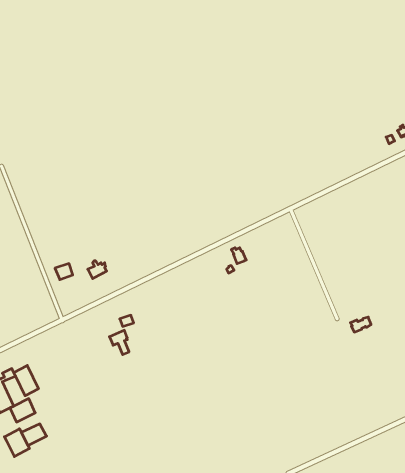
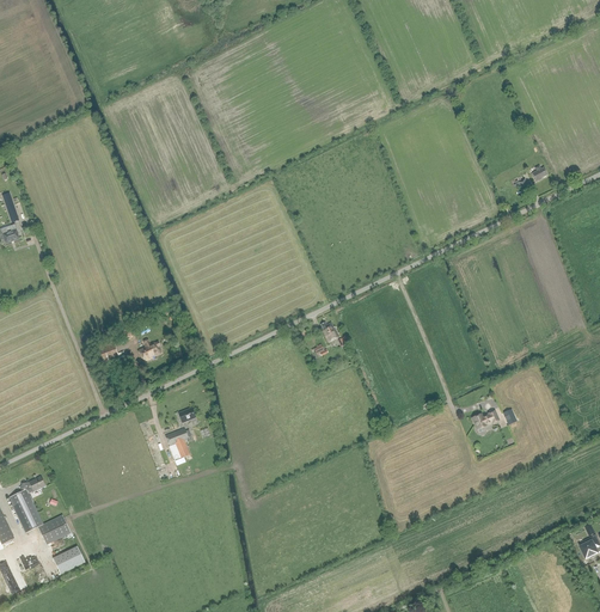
building: [14,365,38,396] -> none
building: [4,429,29,457] -> none

